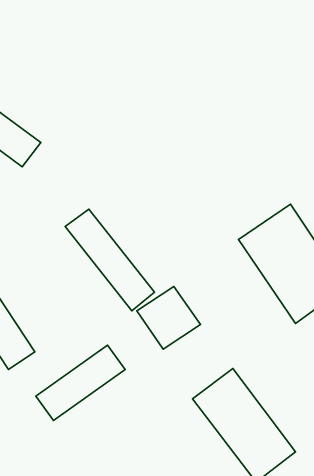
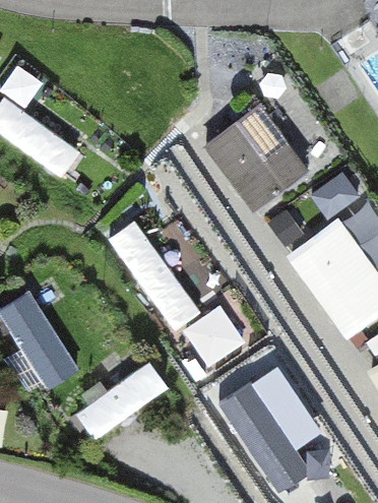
building: none -> [200,108,309,219]

